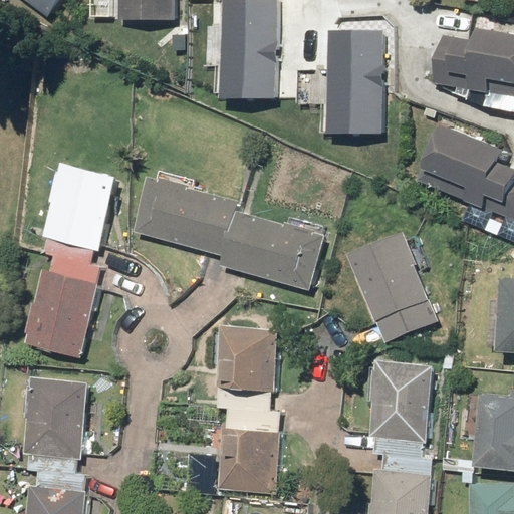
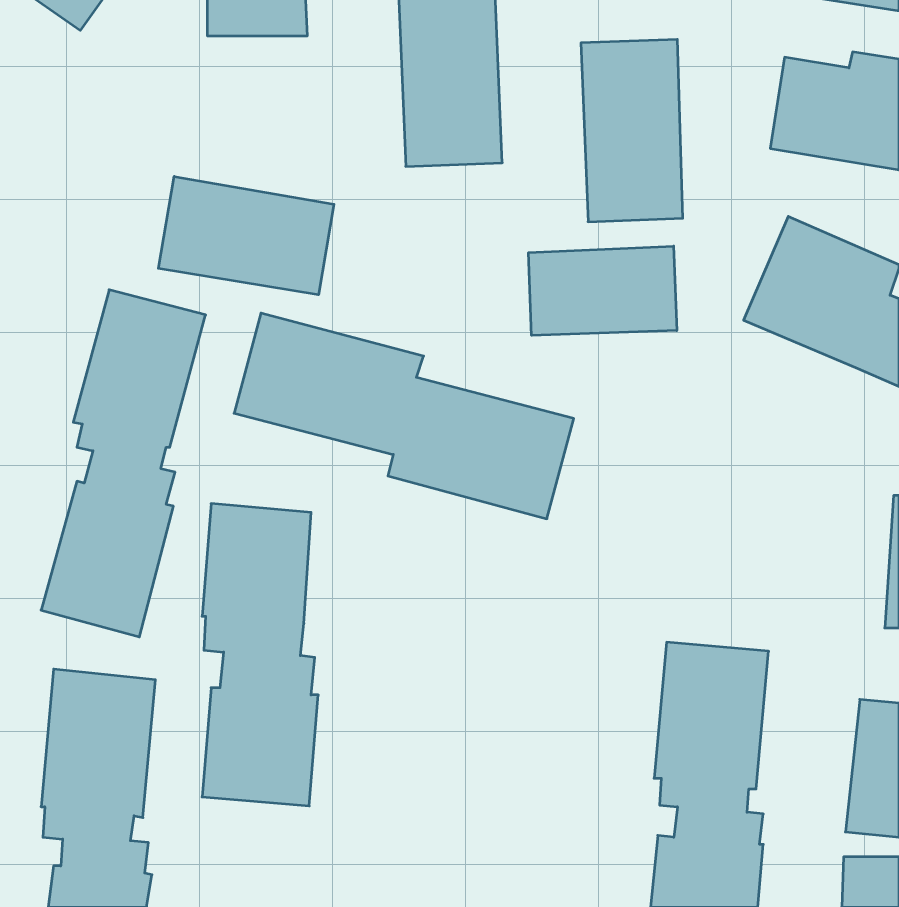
building: none -> [158,176,334,295]
building: none -> [529,246,677,335]
building: [345,232,436,344] -> none
building: [214,324,279,494] -> [202,504,318,806]

